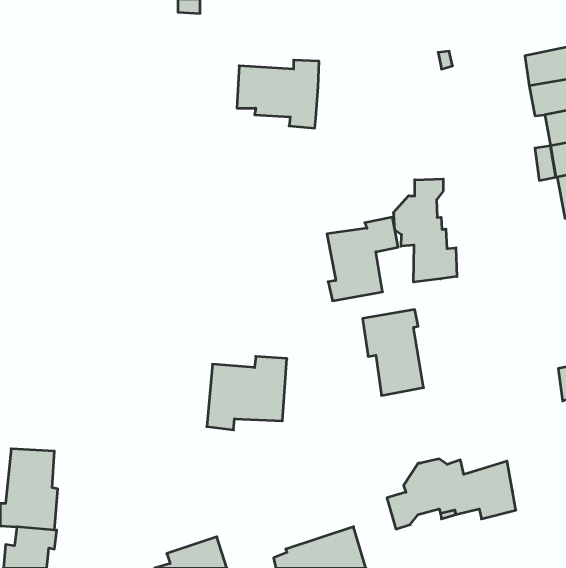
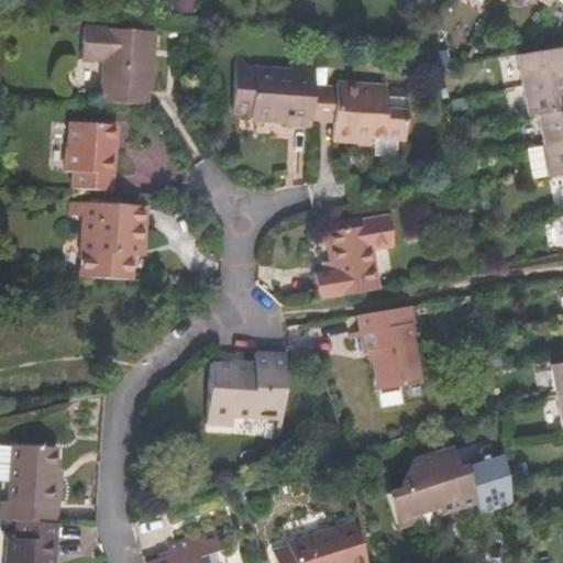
building: none -> [85,25,156,104]
building: none -> [314,81,408,141]
building: none -> [67,122,117,190]
building: [393,179,457,282] -> none
building: none -> [75,202,148,280]

